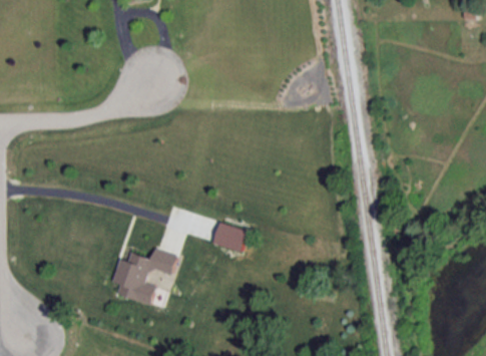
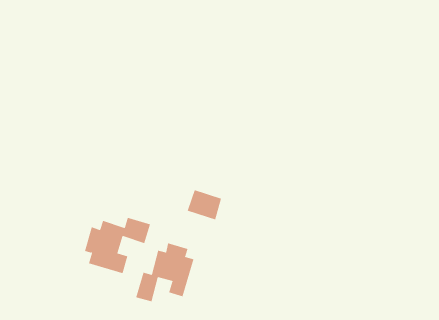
building: none -> [136,242,194,302]

